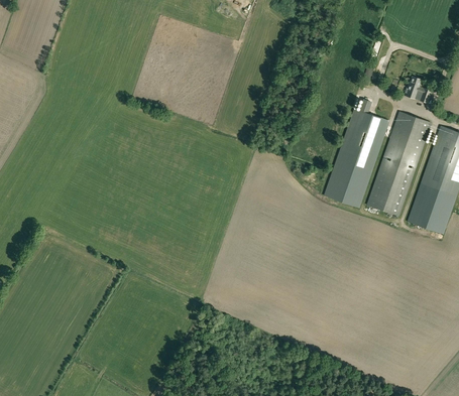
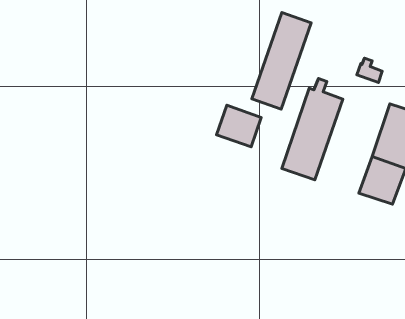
building: [366,112,430,216] -> [252,12,311,109]
building: none -> [216,105,261,147]

